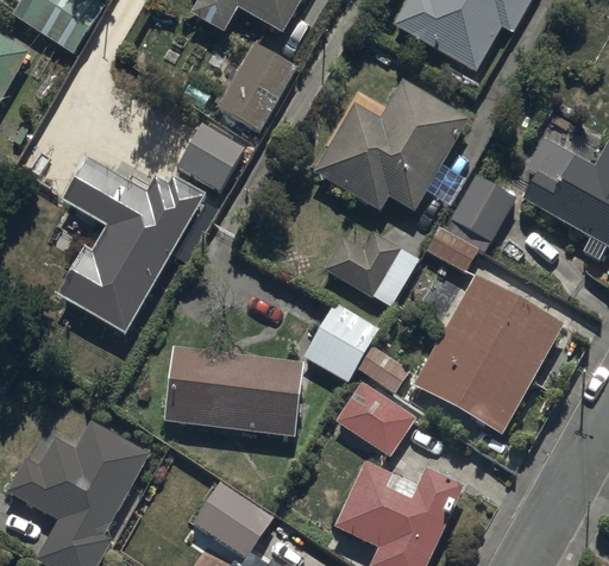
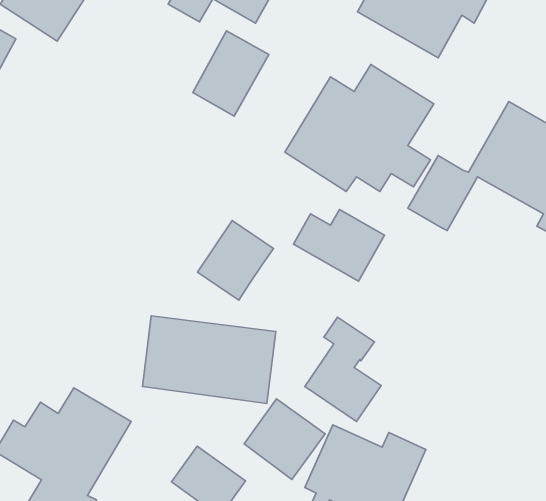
building: [176,121,246,191] -> none
building: [57,153,206,334] -> none
building: [412,228,565,434] -> none
building: [301,298,382,383] -> [197,220,274,300]
building: none -> [244,399,325,480]

